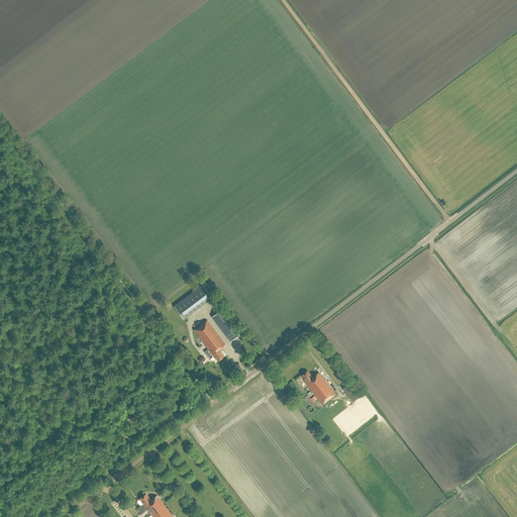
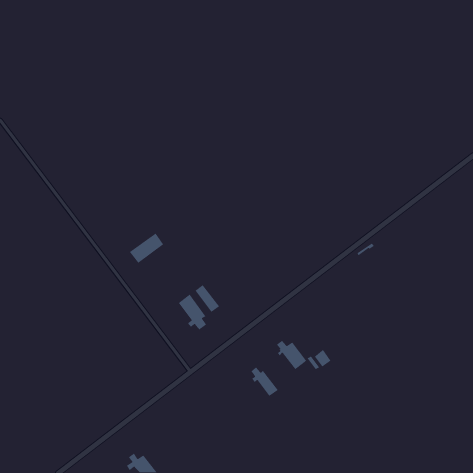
building: [174,285,212,319] -> [129,232,164,264]
building: none -> [250,367,279,397]

